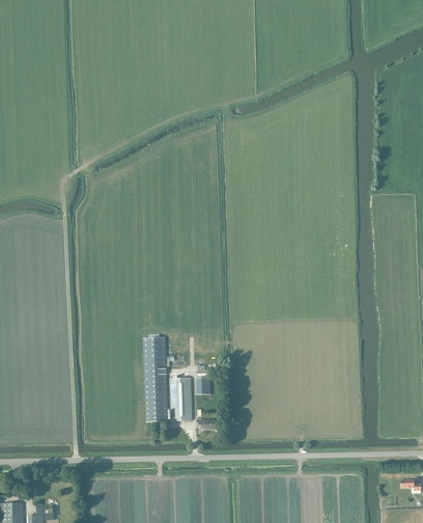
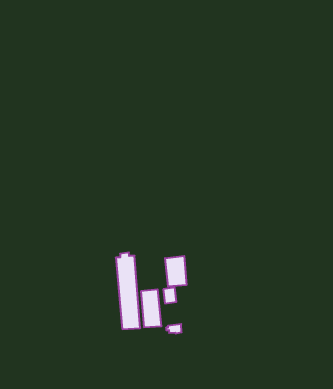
building: none -> [165,256,186,287]

